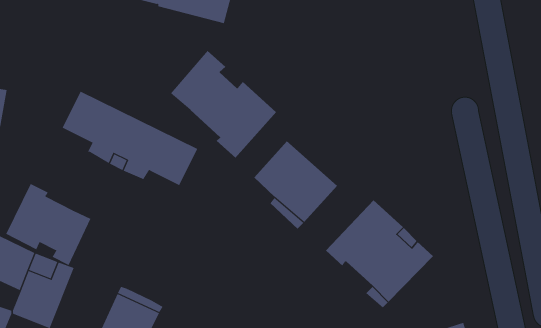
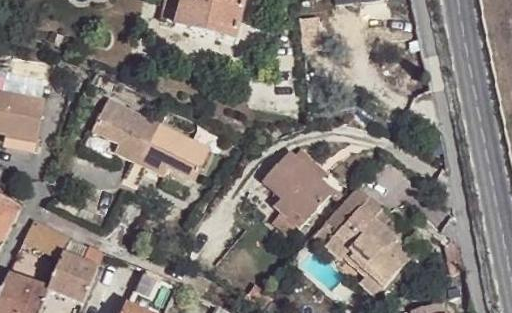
building: [170,50,277,159] -> none
building: [5,183,91,266] -> none

